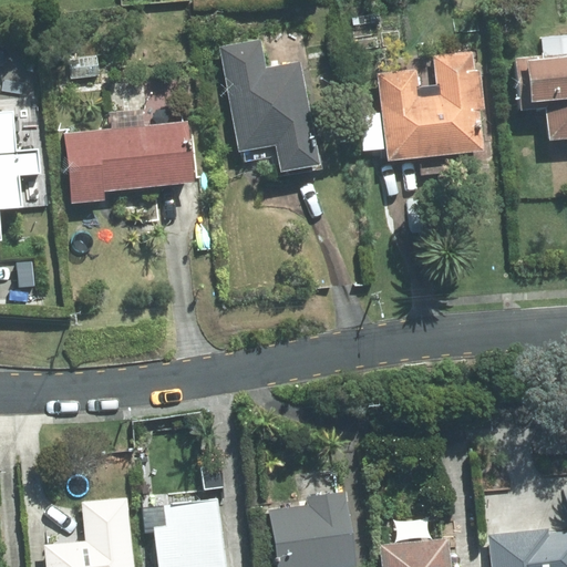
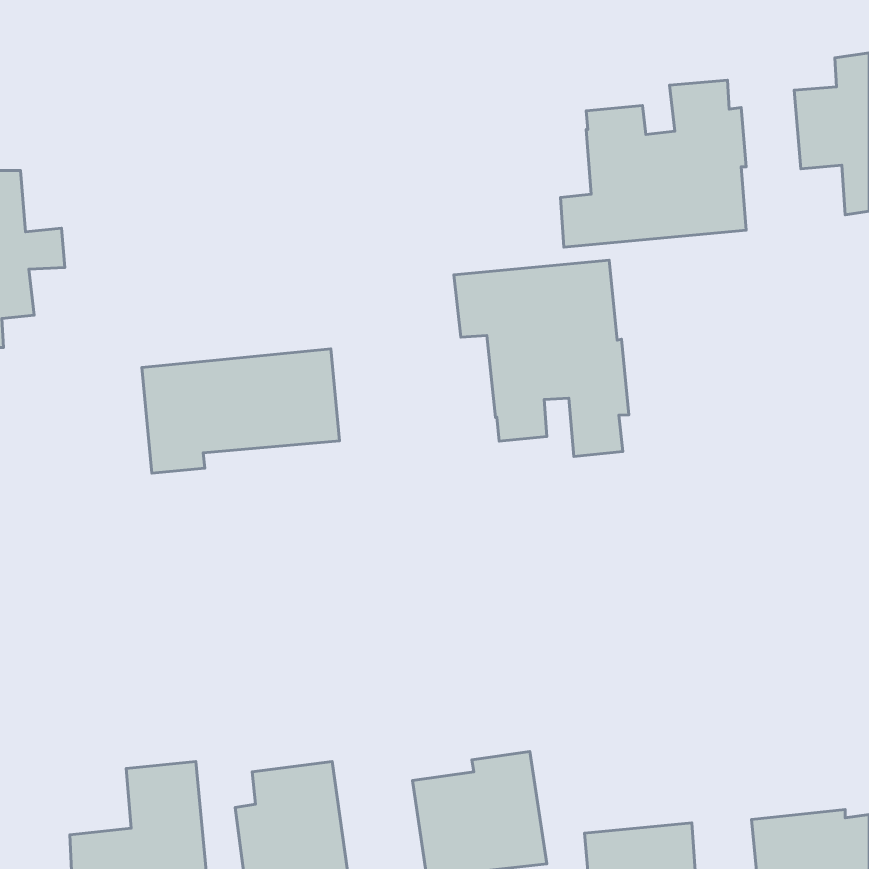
building: [221,40,322,176] -> none
building: [65,123,194,204] -> [142,349,339,473]
building: none -> [454,260,629,457]

